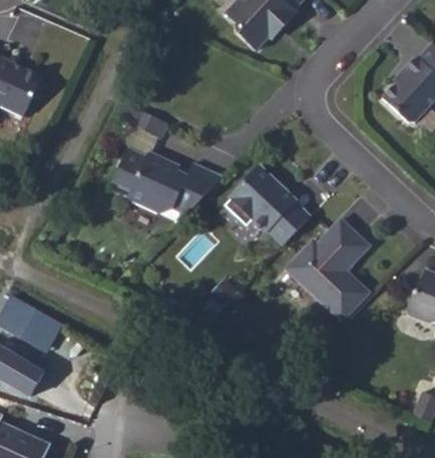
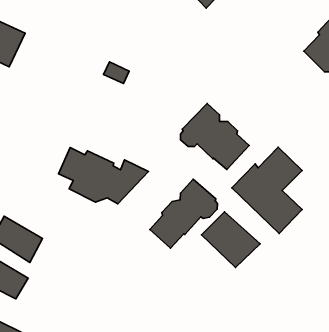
building: [114,143,224,211] -> [58,147,149,204]
building: none -> [150,179,217,248]
building: none -> [202,212,260,267]

